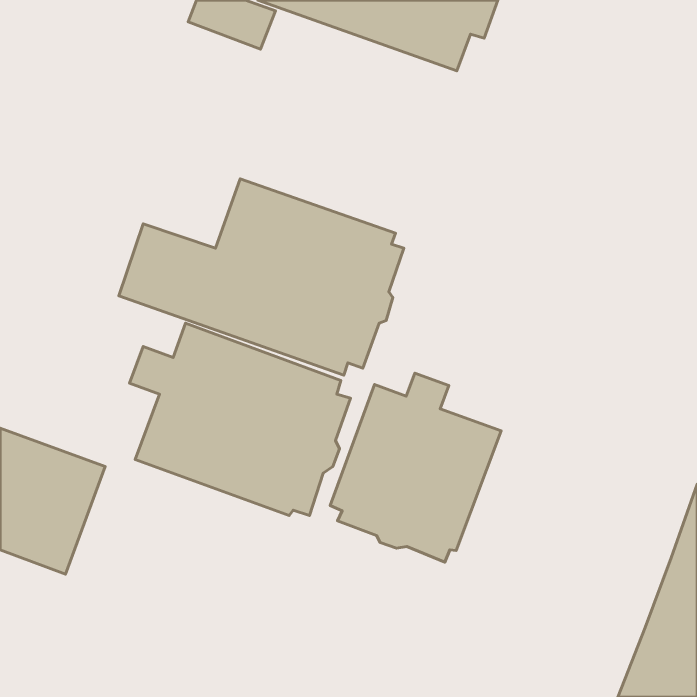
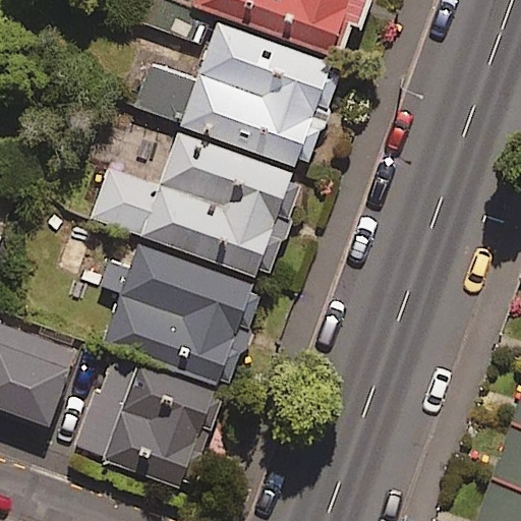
building: none -> [134,22,344,163]
building: [330,373,501,562] -> none
building: none -> [71,354,222,486]

